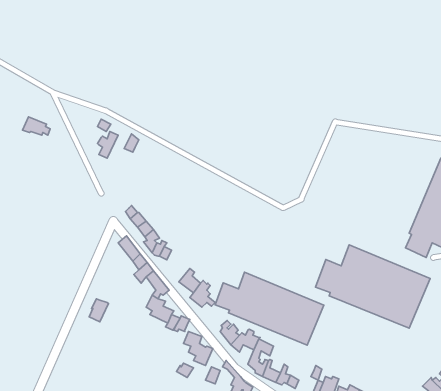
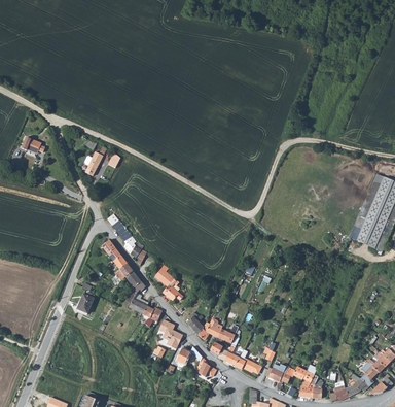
building: [316,245,430,328] -> none
building: [215,272,324,345] -> none

